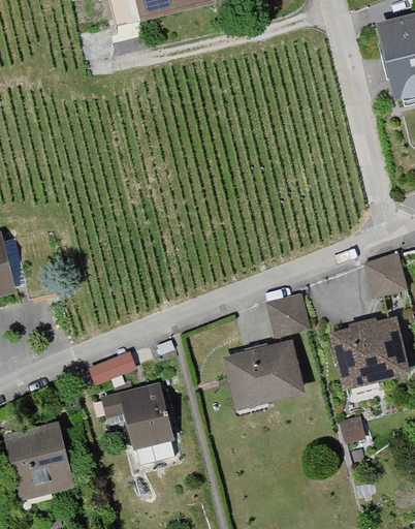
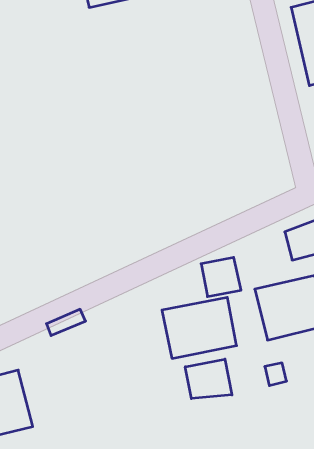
building: [101,381,173,449] -> none
building: none -> [185,359,232,399]

